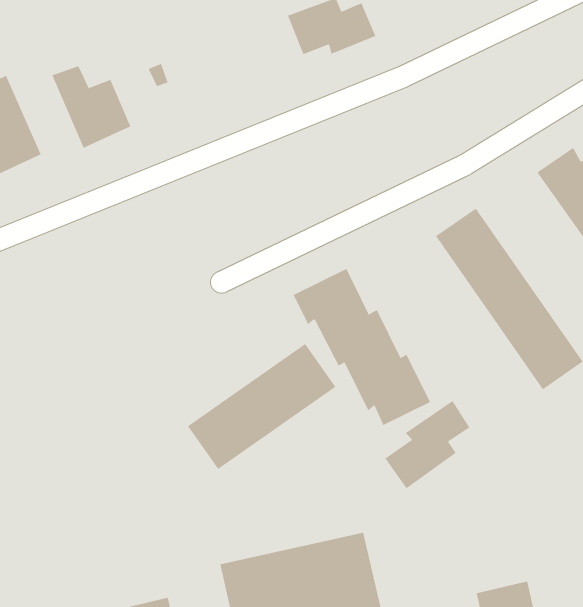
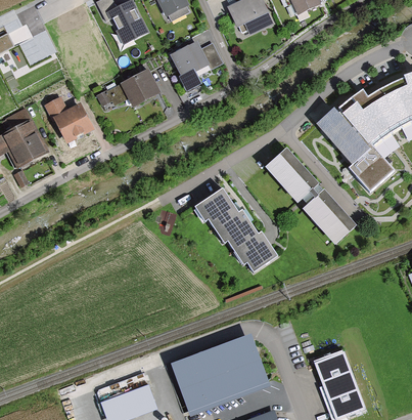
building: none -> [120,71,158,108]
building: [187,343,336,470] -> none
building: [385,400,470,489] -> none

